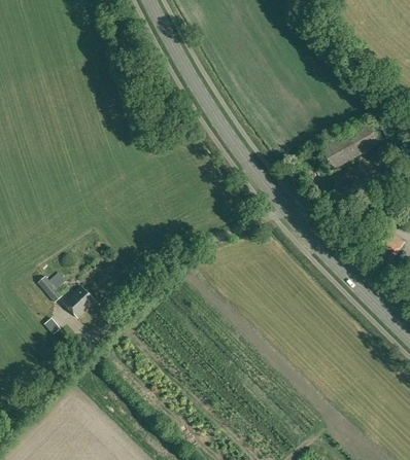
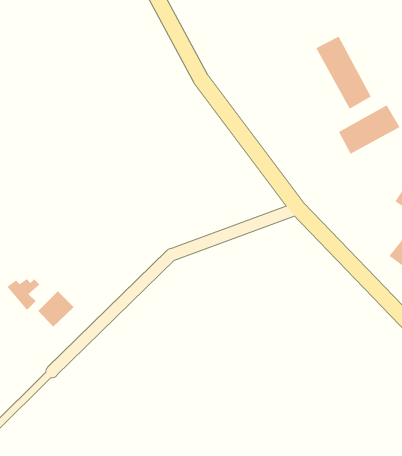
building: none -> [316,36,372,110]

